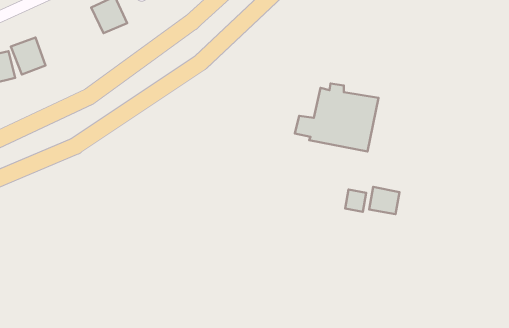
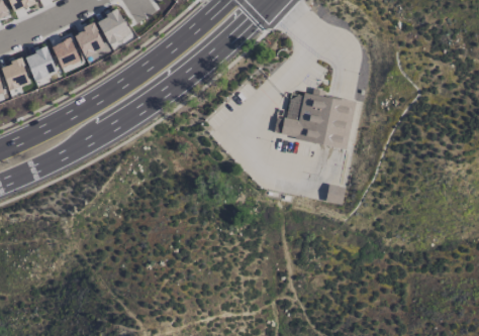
building: none -> [75,22,104,57]
building: none -> [52,38,79,68]
building: [369,187,400,214] -> none

